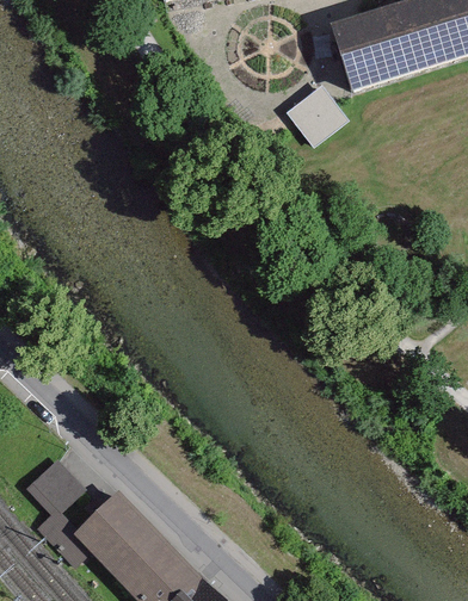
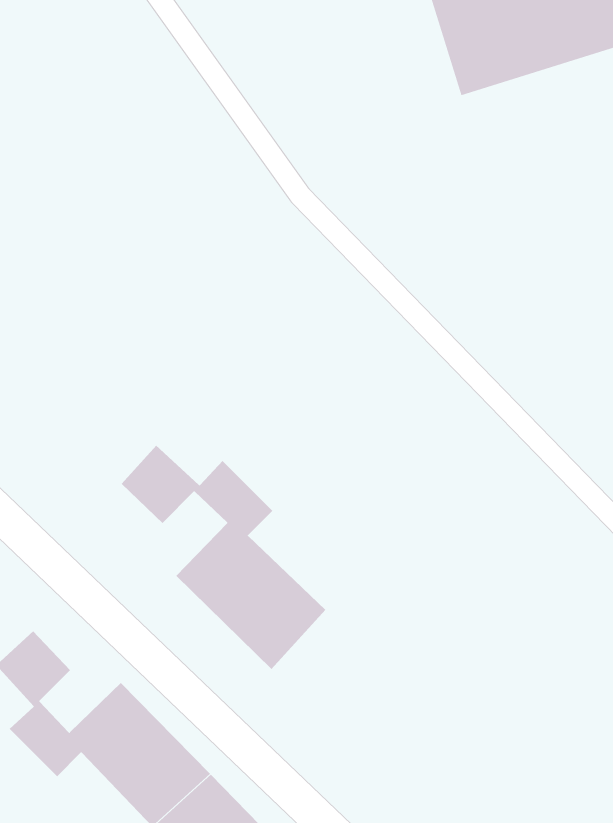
building: [285,81,350,144] -> none
building: none -> [121,445,326,670]

